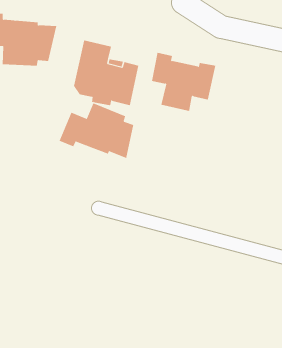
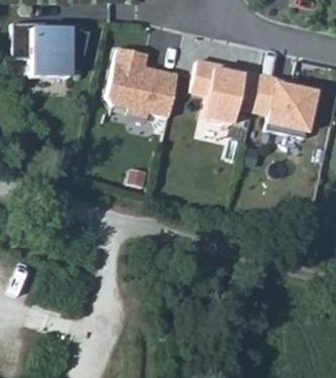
building: none -> [254,75,317,138]
building: [59,102,134,159] -> none

